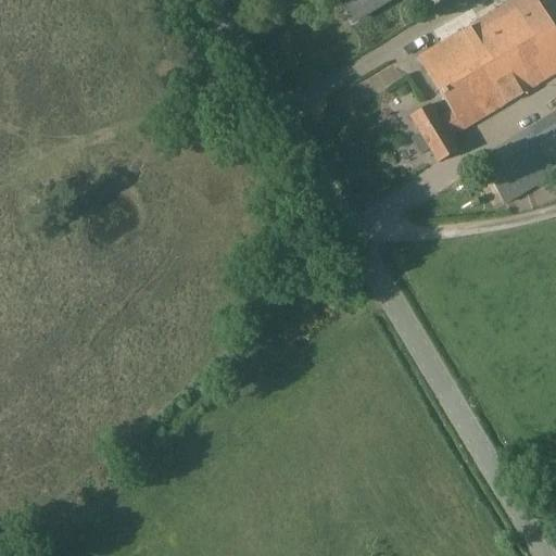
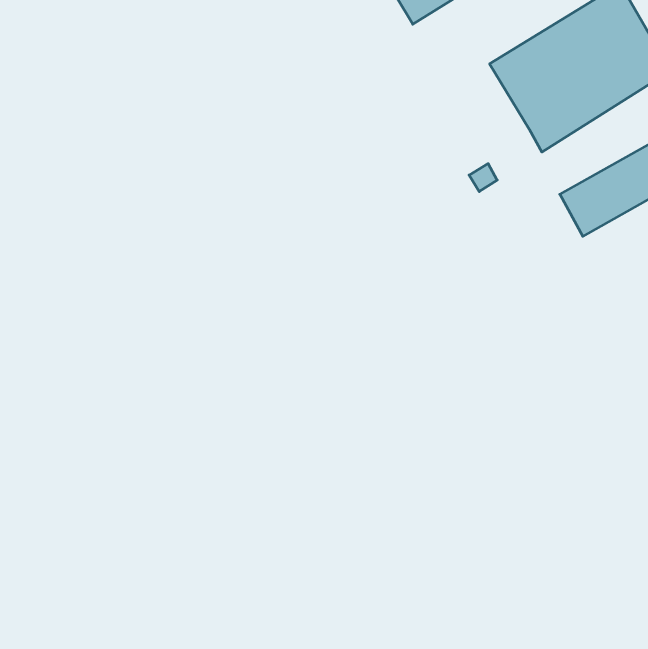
building: [414,104,465,161] -> none

